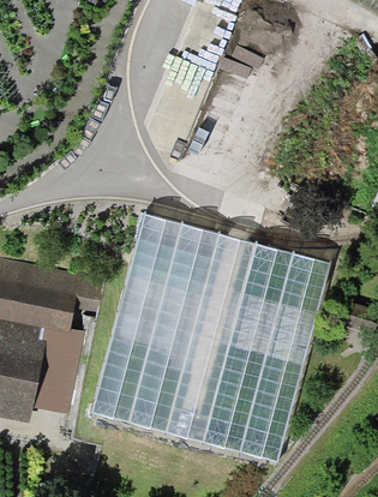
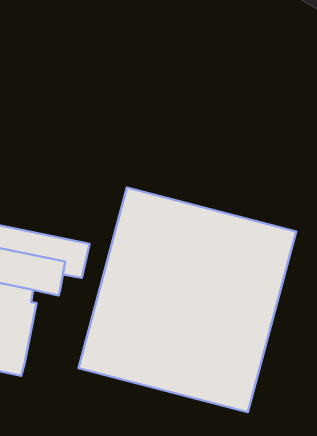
building: [32,328,85,413] -> none

